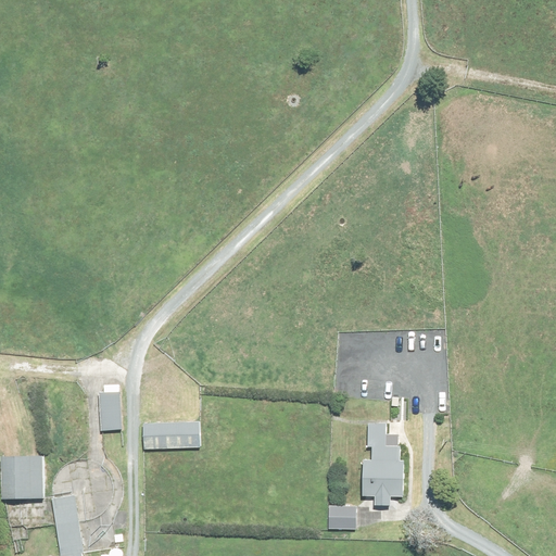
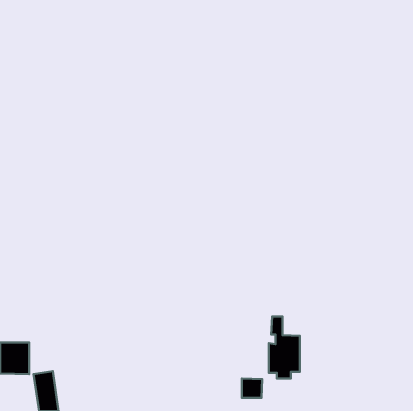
building: [97,390,123,431] -> none
building: [141,422,199,450] -> none

